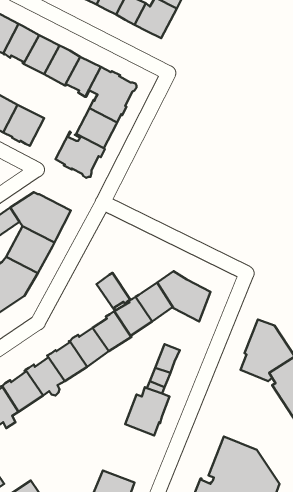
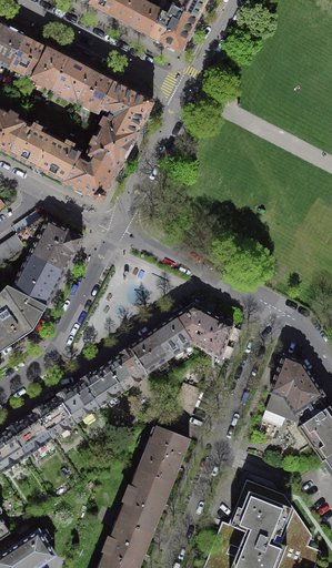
building: none -> [38,138,81,182]
building: [96,273,130,310] -> none
building: none -> [117,468,172,531]

